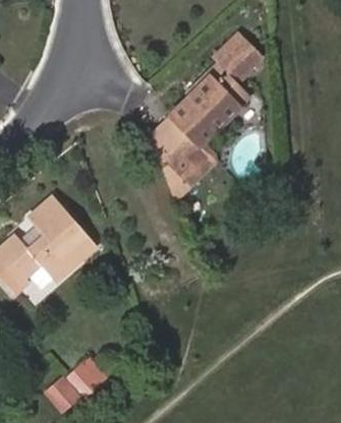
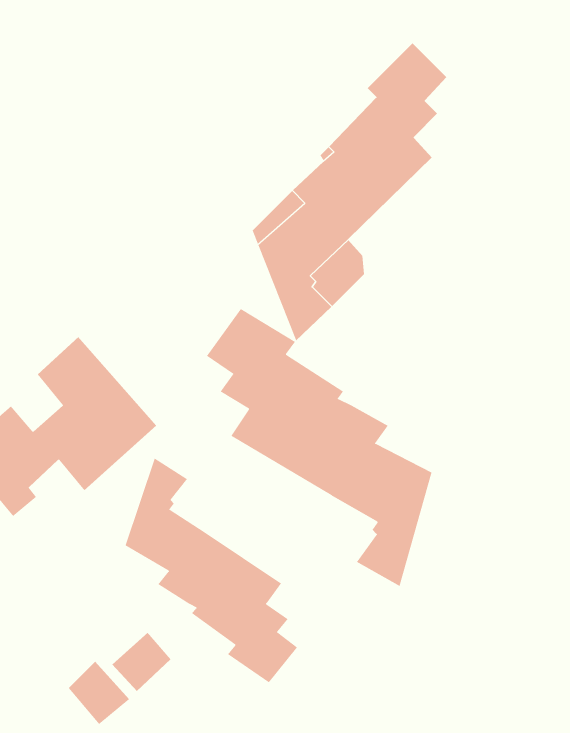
building: none -> [206,308,432,587]
building: none -> [125,457,298,683]

